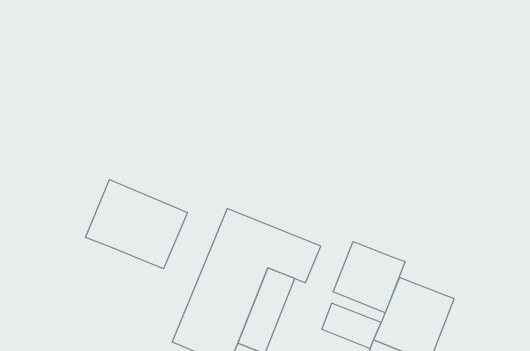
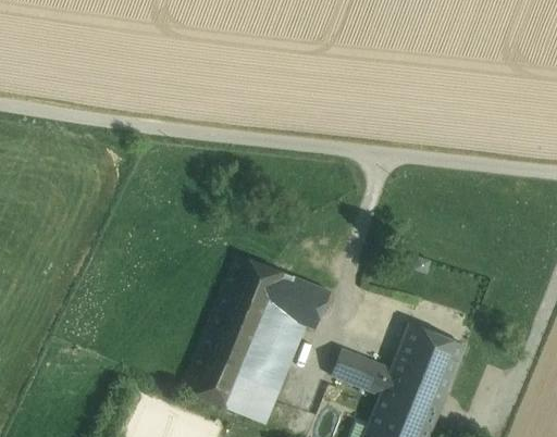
building: [86,180,187,269] -> none
building: [333,242,405,313] -> none

